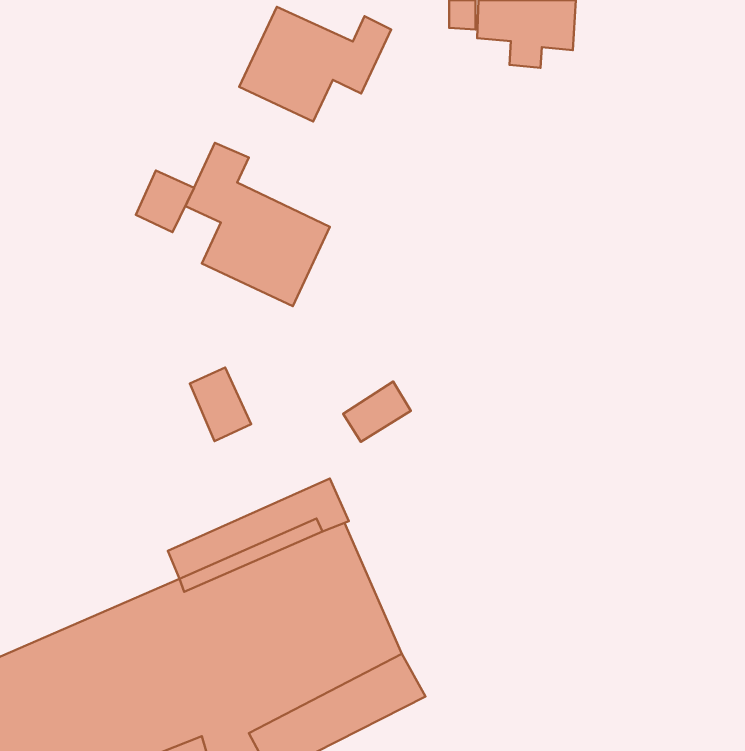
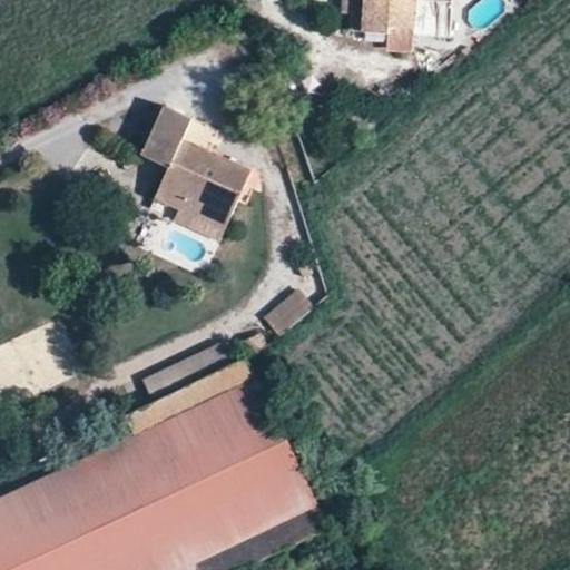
building: [239,7,391,122] -> none
building: [136,171,194,232] -> none
building: [190,368,251,441] -> none

